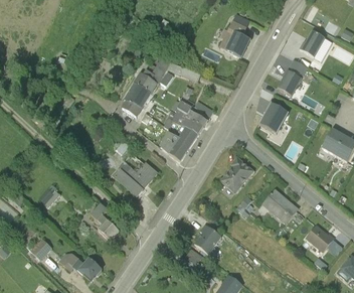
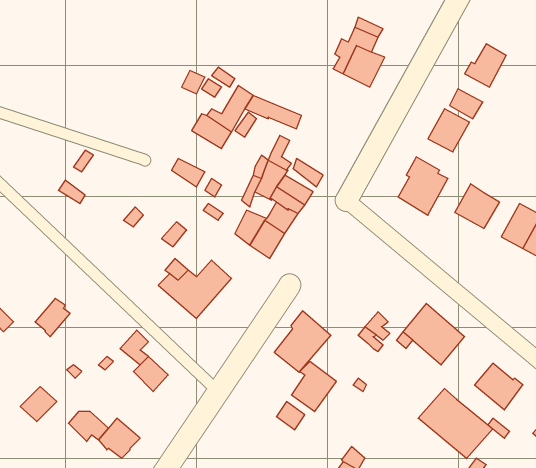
building: [124,84,152,109] -> none
building: none -> [455,184,499,228]
building: [220,156,254,193] -> [274,311,331,372]
building: none -> [418,389,493,459]

